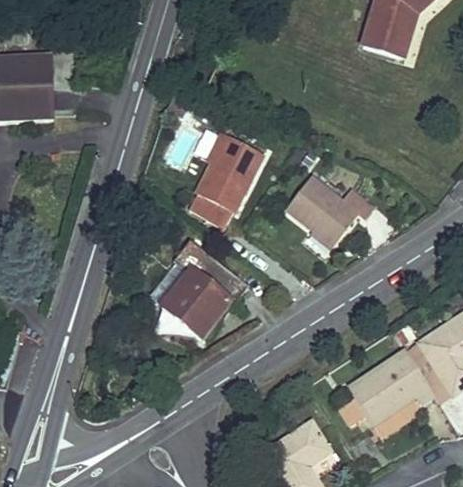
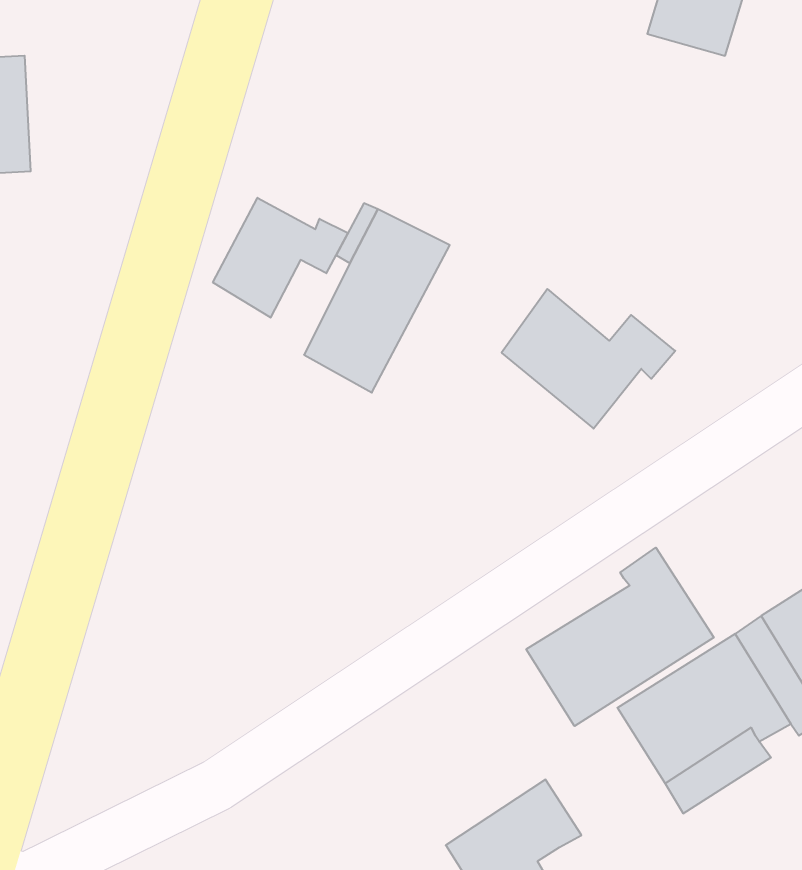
building: none -> [213,198,348,318]
building: [161,237,247,335] -> none
building: none -> [526,548,714,726]

